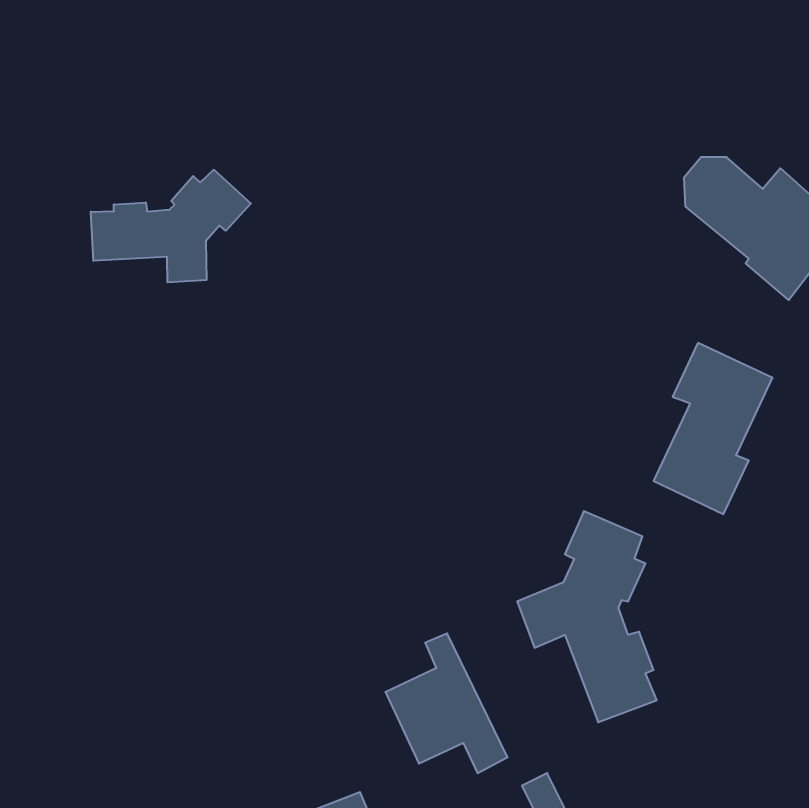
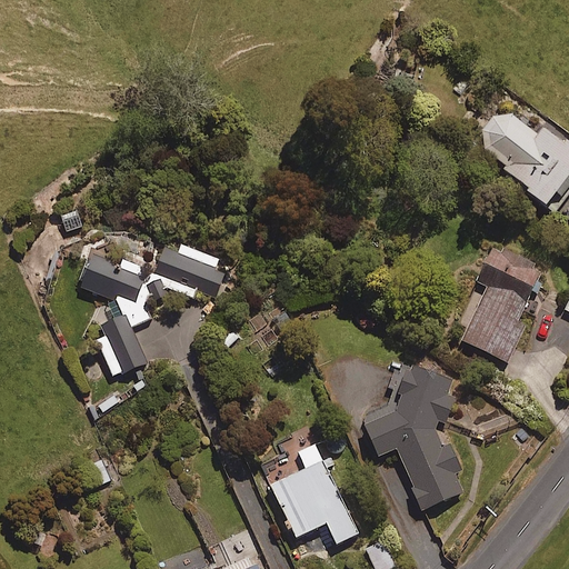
building: [91,170,251,282] -> none
building: none -> [78,242,226,379]

